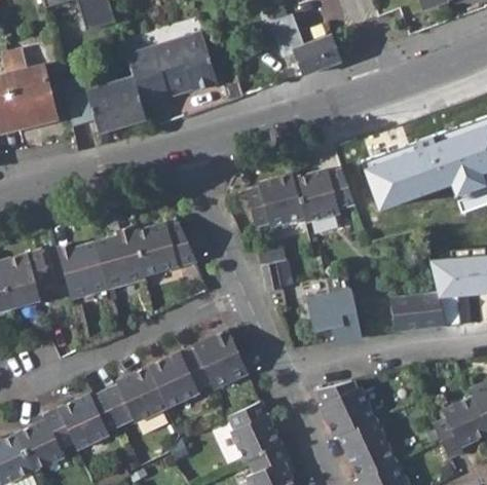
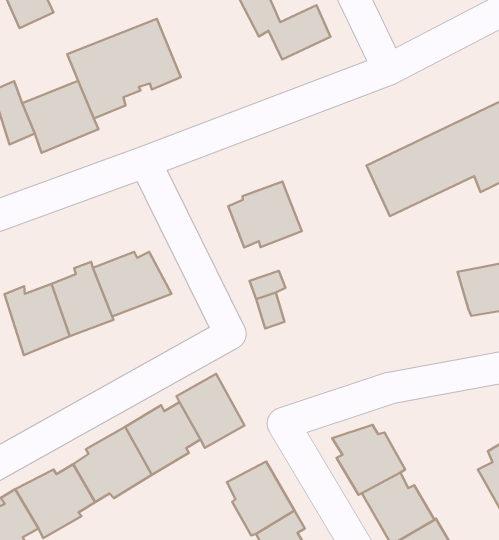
building: [295,169,354,221] -> none
building: [310,272,361,340] -> none
building: [390,292,445,331] -> none

